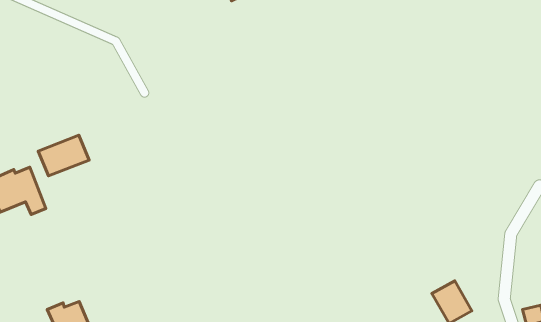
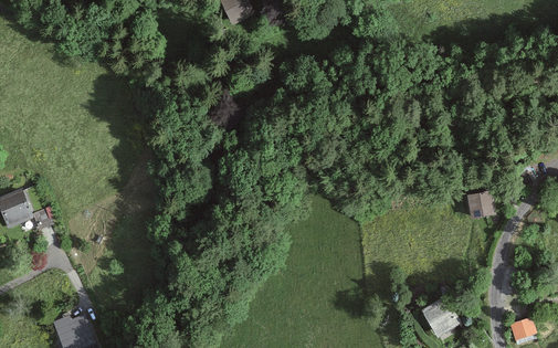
building: [38,135,89,176] -> none
building: none -> [467,192,493,220]

